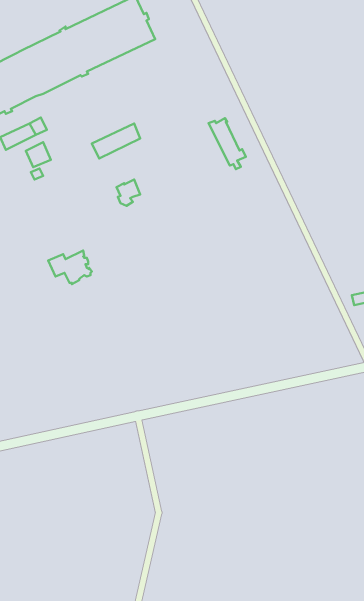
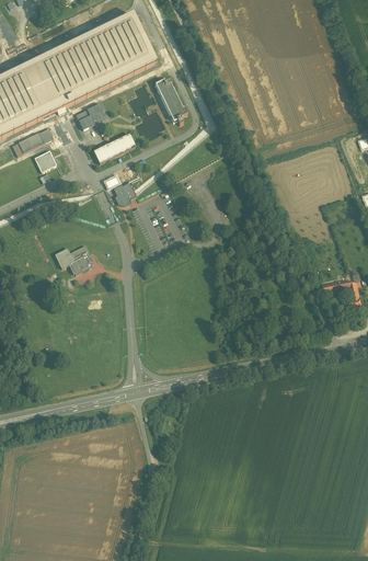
building: none -> [73,102,105,129]
building: [209,118,246,169] -> [153,79,186,124]

